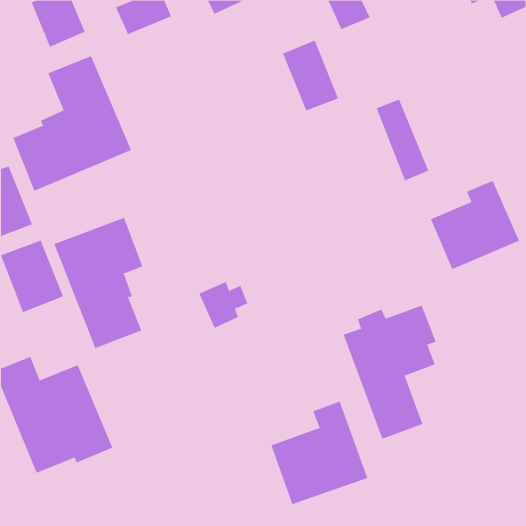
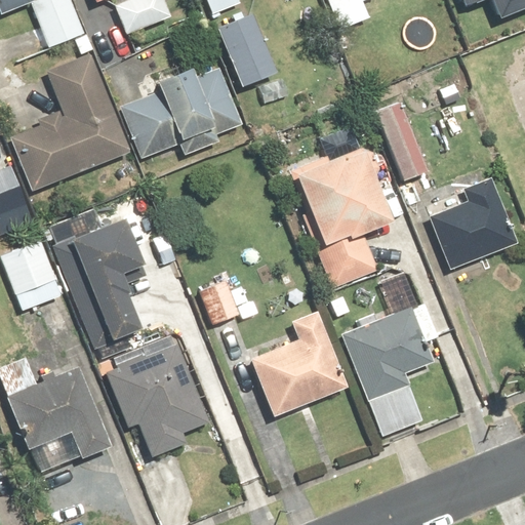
building: [282,40,339,111] -> [219,14,276,85]
building: none -> [120,68,244,158]
building: none -> [294,146,398,288]
building: none -> [107,342,209,458]
building: [270,401,368,505] -> [251,312,349,415]

